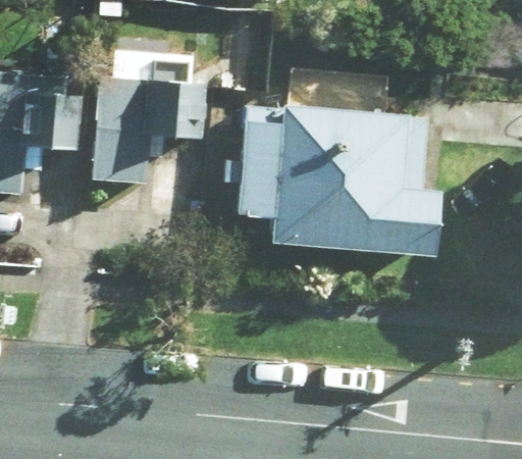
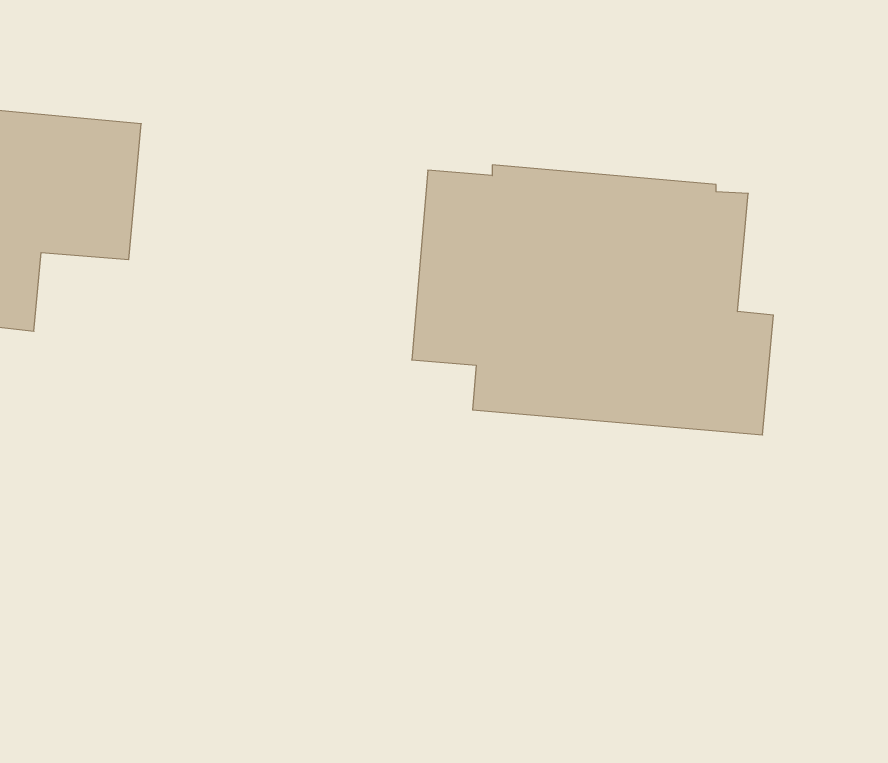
building: [89,47,205,184] -> none

